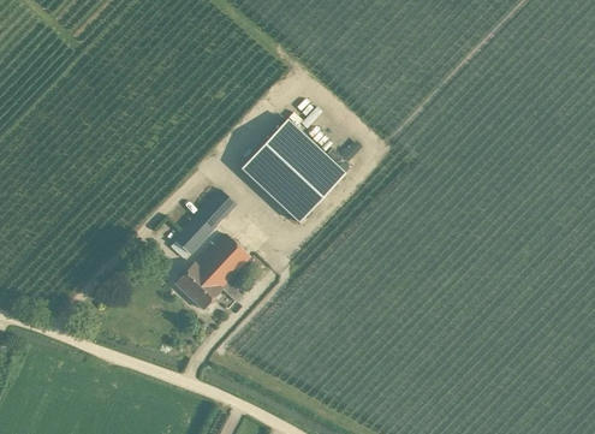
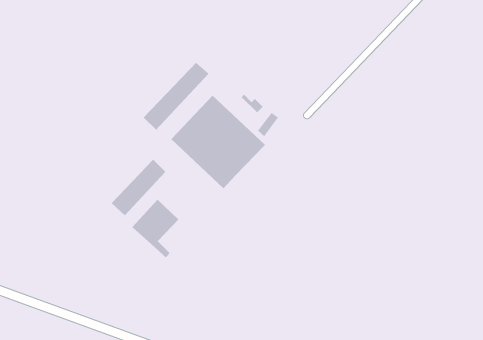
building: none -> [143,62,210,131]
building: [173,263,221,310] -> none

